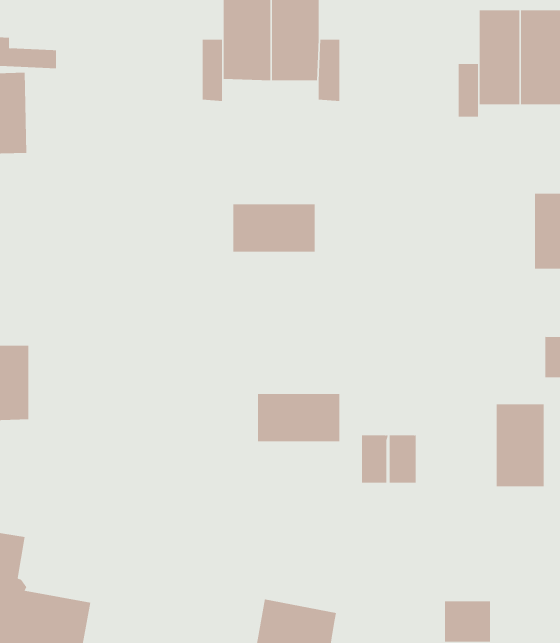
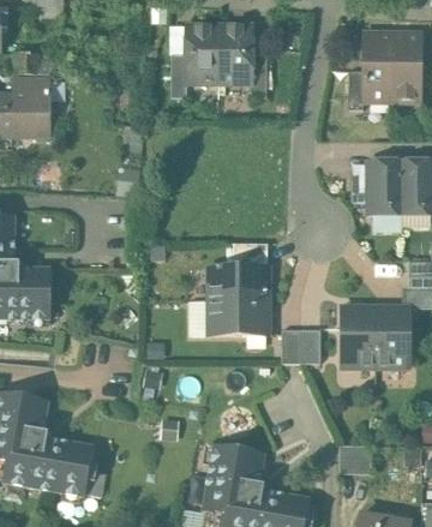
building: none -> [371,161,402,214]
building: [233,204,316,252] -> [210,267,268,300]
building: none -> [342,307,376,365]

